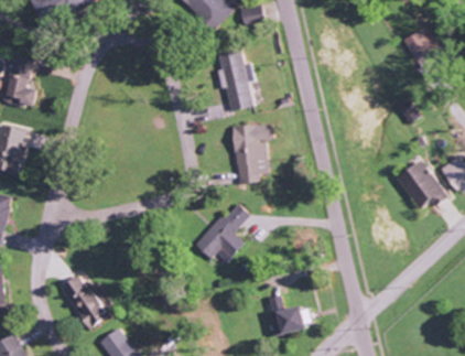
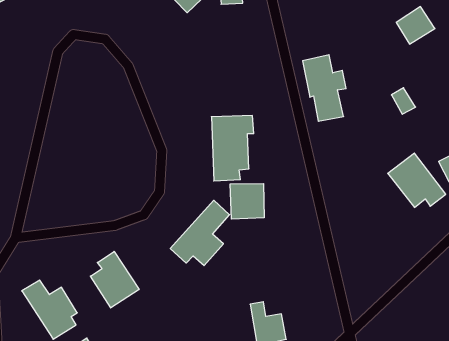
building: [216,50,256,110] -> [303,55,346,121]
building: none -> [230,184,264,219]
building: none -> [90,251,139,308]

